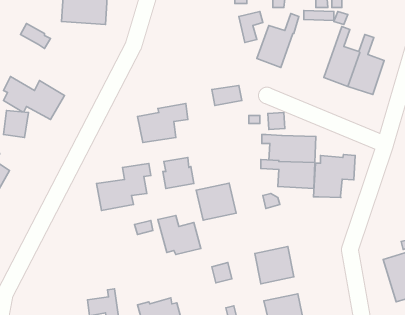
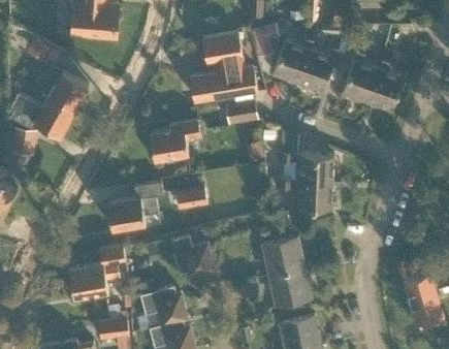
building: none -> [191,35,257,104]
building: none -> [297,38,341,93]
building: none -> [45,69,89,114]
building: [313,155,355,197] -> none
building: [196,183,236,220] -> [263,239,304,277]
building: none -> [69,248,128,300]
building: none -> [140,288,188,328]

